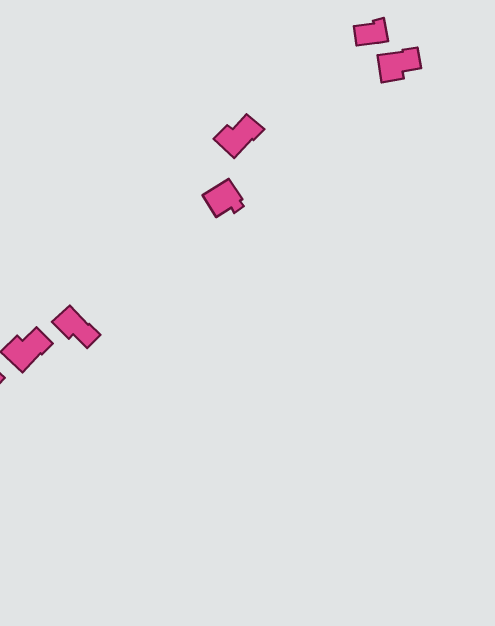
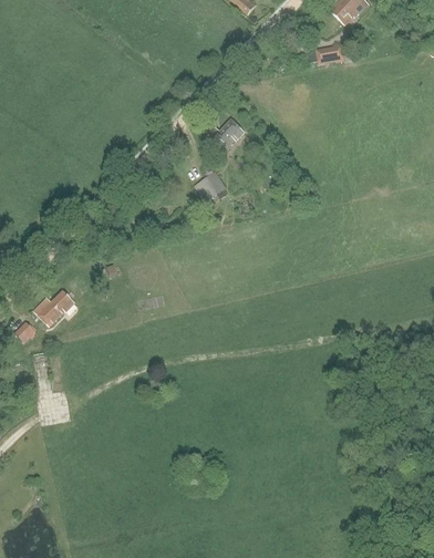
building: [378,47,421,83] -> none
building: [52,305,100,348] -> none

